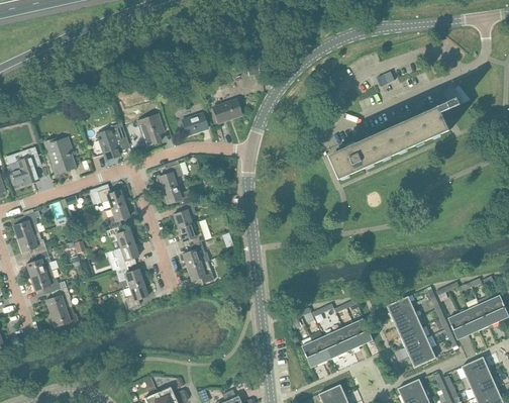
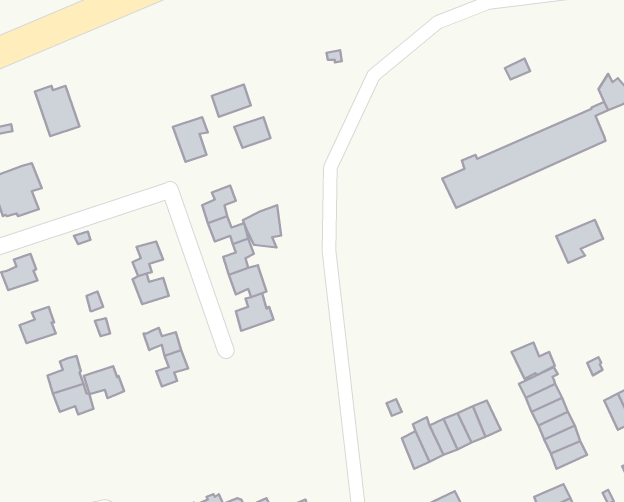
building: [212,99,240,122] -> [212,85,251,117]
building: [96,122,129,160] -> none
building: [43,137,76,174] -> [35,86,79,136]
building: none -> [243,205,281,247]
building: [93,187,124,207] -> none
building: none -> [556,220,603,263]
building: [17,231,46,255] -> none
building: [114,242,138,268] -> none
building: [186,260,213,283] -> none
building: [30,270,60,293] -> [84,366,124,398]
building: none -> [512,342,555,379]

